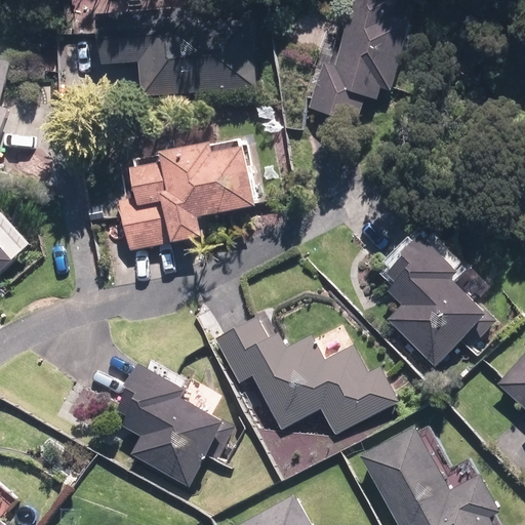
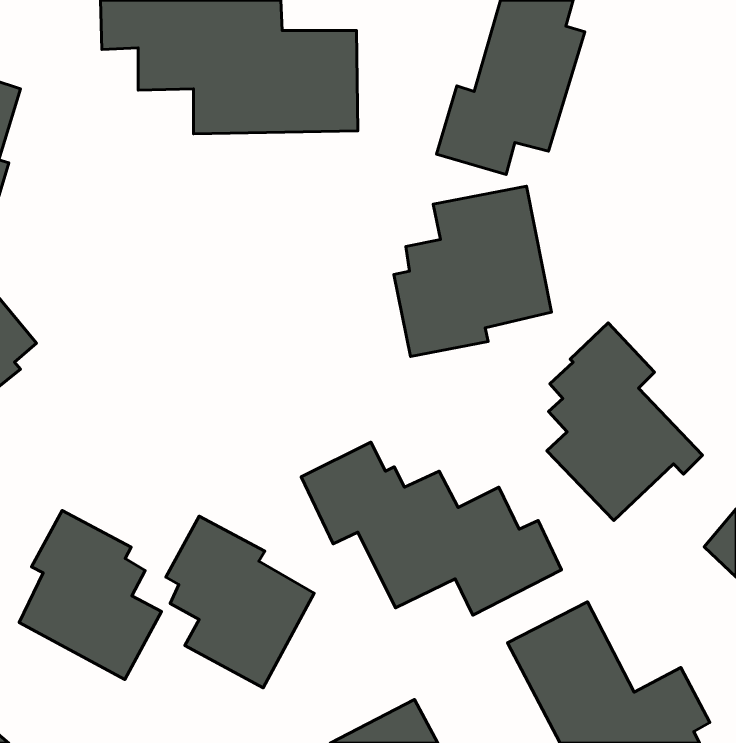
building: none -> [394,186,551,356]
building: [117,136,257,251] -> none
building: none -> [19,510,162,679]

